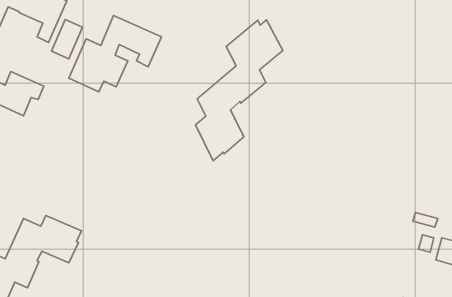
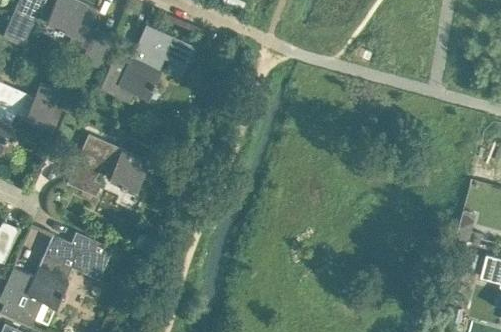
building: [196,20,283,161] -> none
building: none -> [66,134,161,197]

